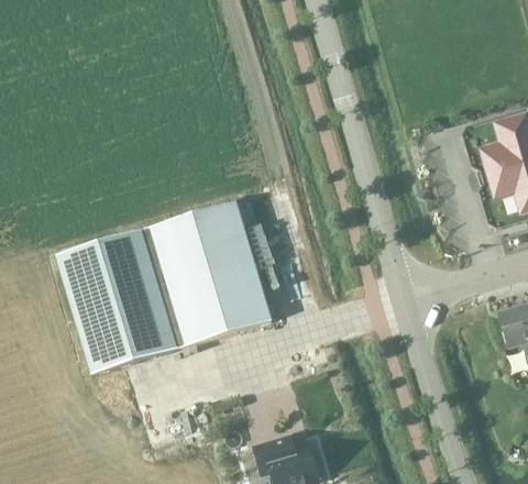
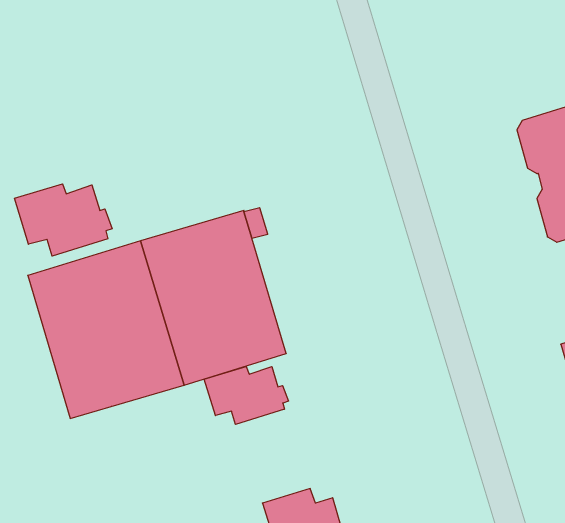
building: none -> [15,184,112,256]
building: none -> [204,366,288,424]

